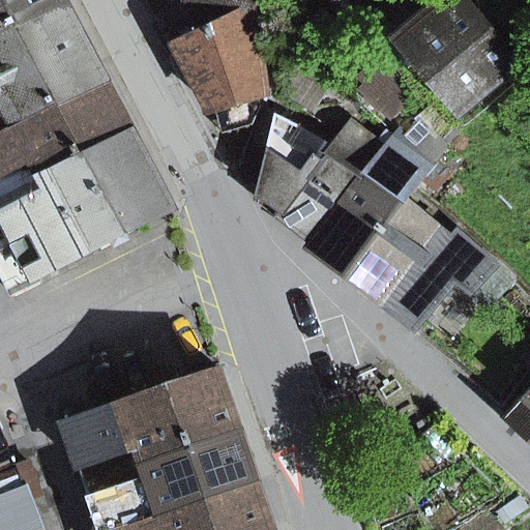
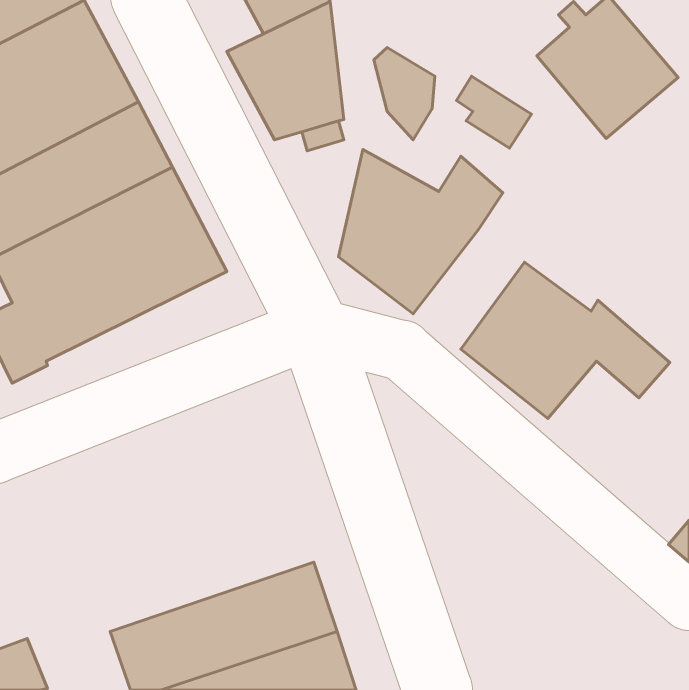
building: [315,129,429,266] -> none
building: [64,369,239,481] -> none

